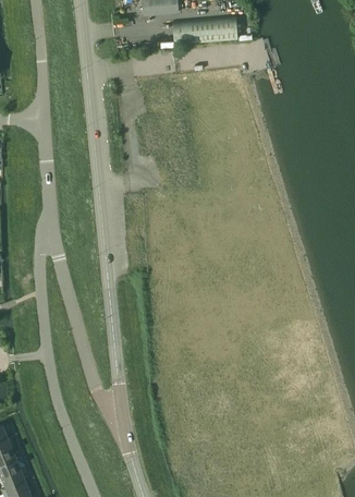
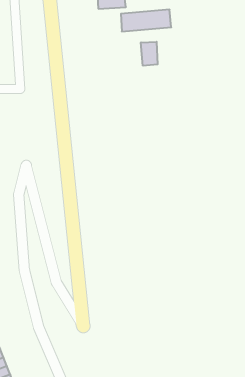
building: none -> [141,42,158,66]

